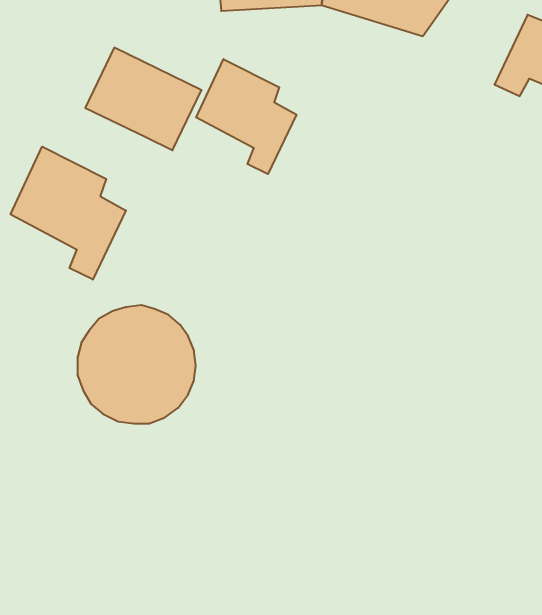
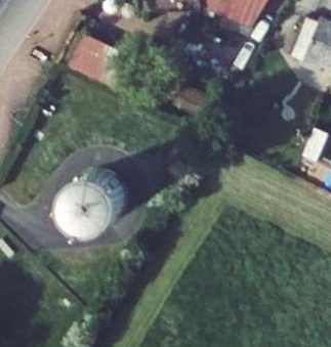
building: [196,59,296,174] -> none
building: [11,147,126,280] -> none

